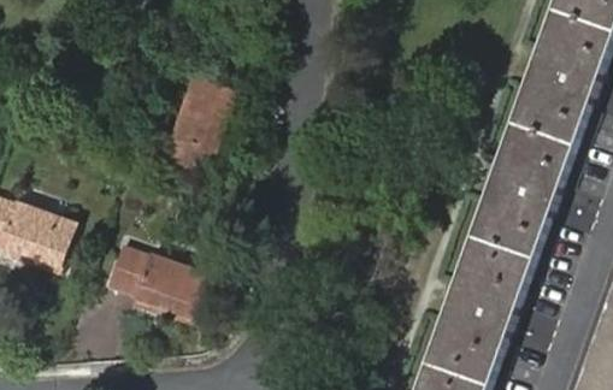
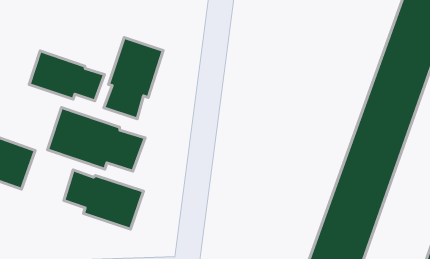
building: none -> [29,51,105,101]
building: none -> [48,108,145,171]

